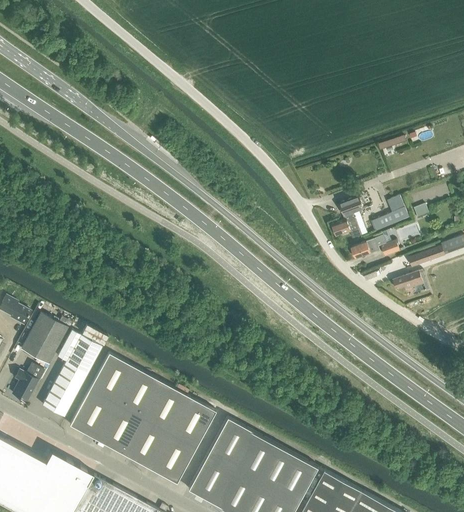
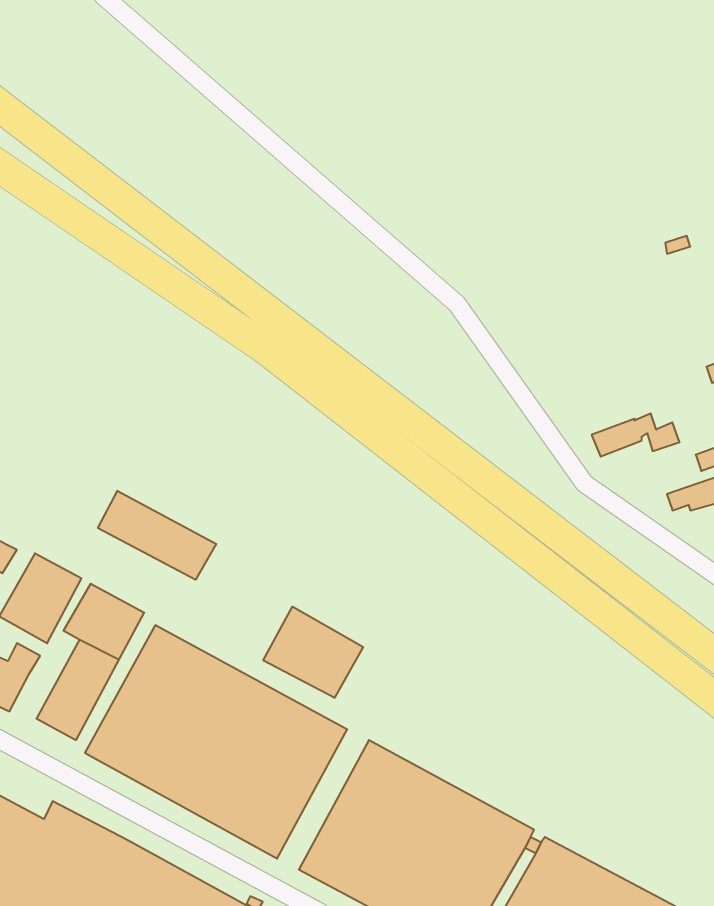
building: [331,196,367,239] -> none
building: [371,196,407,231] -> none
building: none -> [98,491,216,580]
building: none -> [263,607,363,698]

